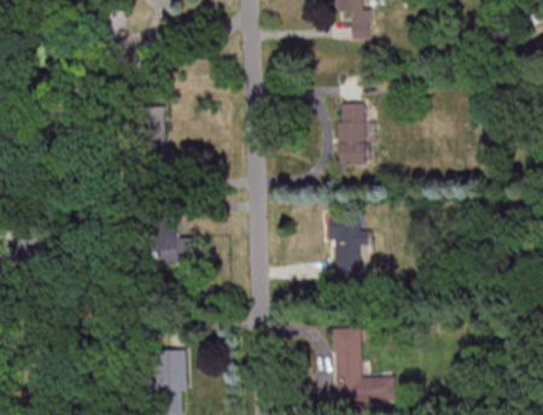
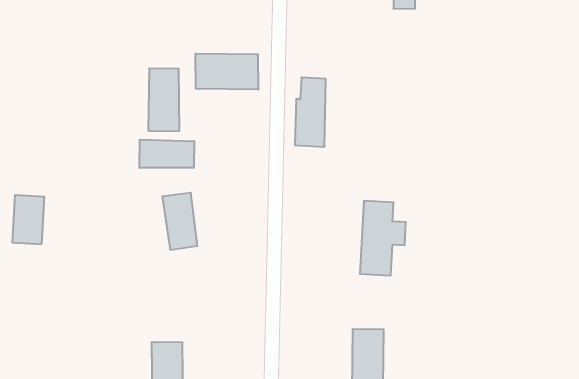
building: none -> [196,53,258,90]
building: [338,104,366,164] -> [295,78,326,147]
building: none -> [139,140,194,168]

